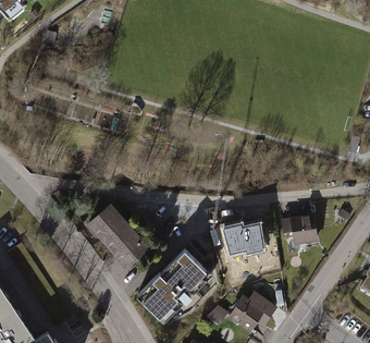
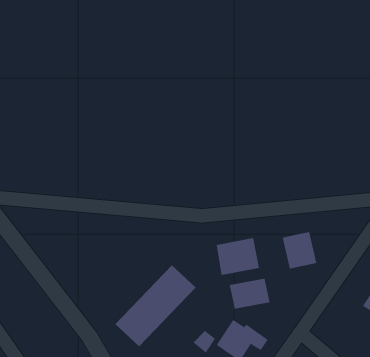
building: [92,199,157,268] -> none
building: none -> [229,278,270,310]

